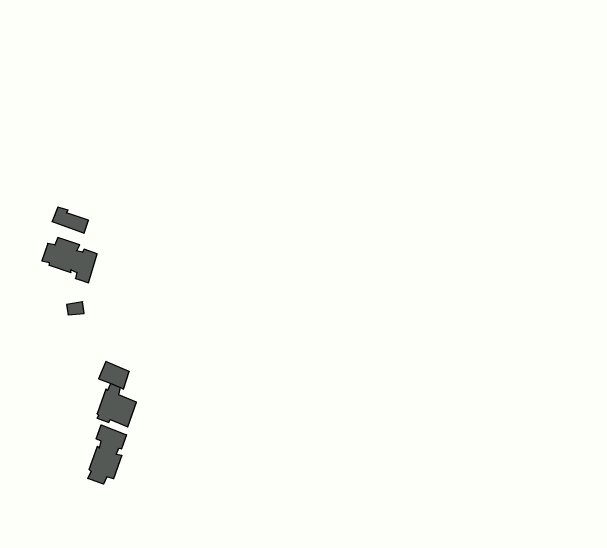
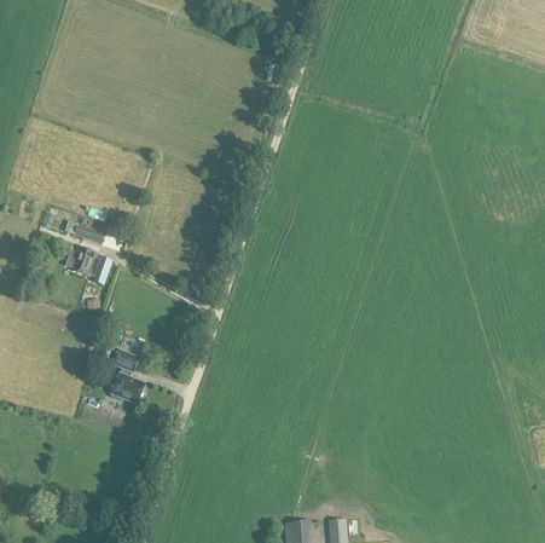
building: [88,425,126,484] -> none

